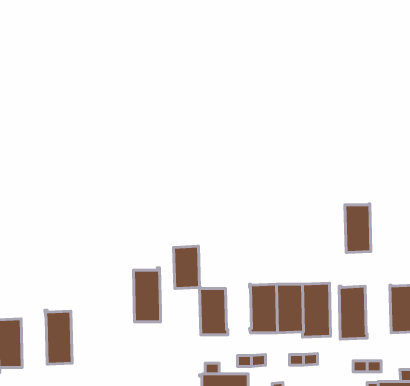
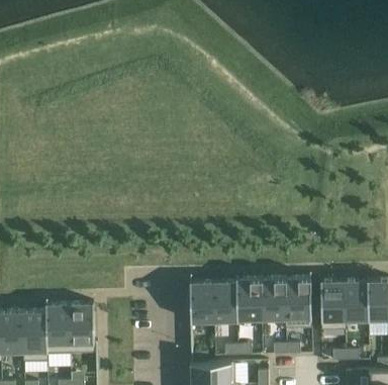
building: [345,204,371,253] -> [344,279,368,324]
building: [174,246,200,288] -> [213,281,237,320]
building: [133,268,160,322] -> [69,301,94,352]
building: none -> [22,310,47,361]

